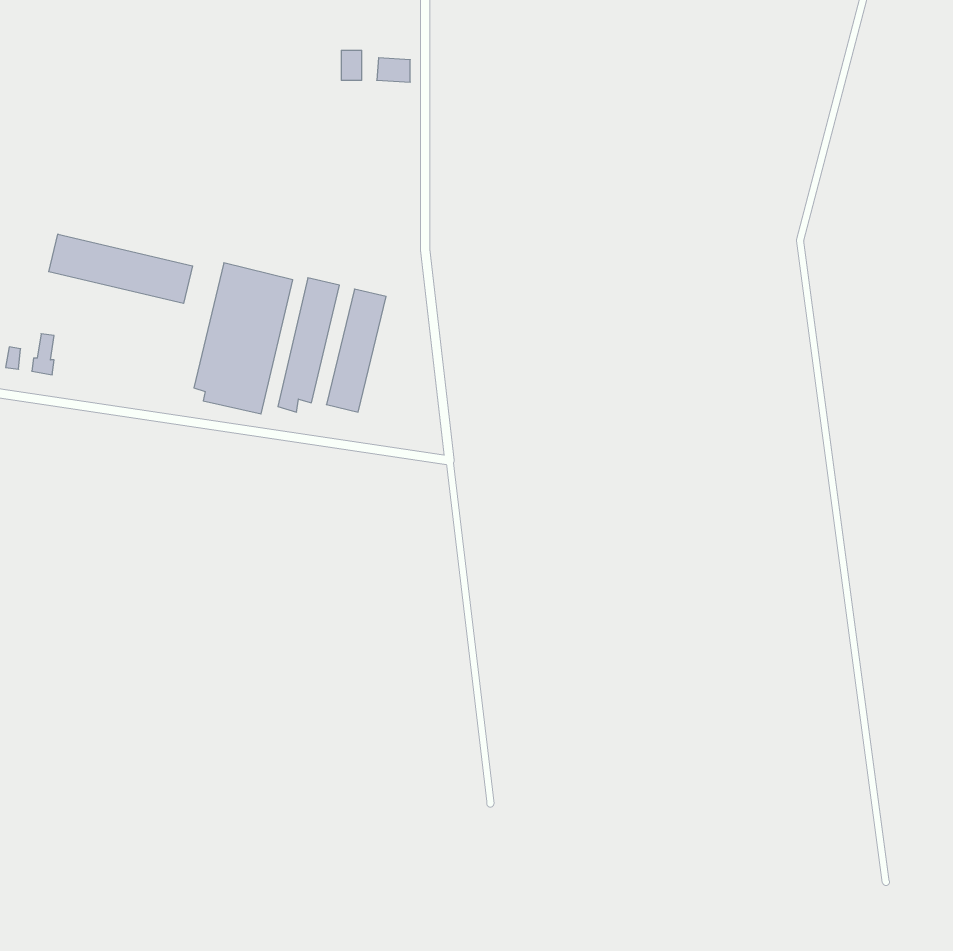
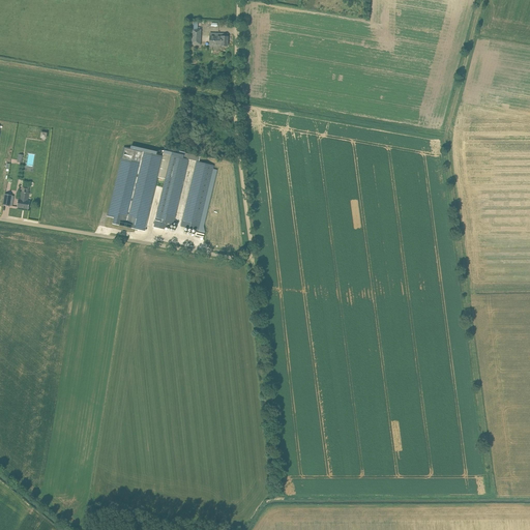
building: [49,234,193,303] -> none

